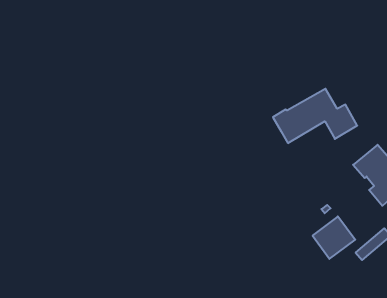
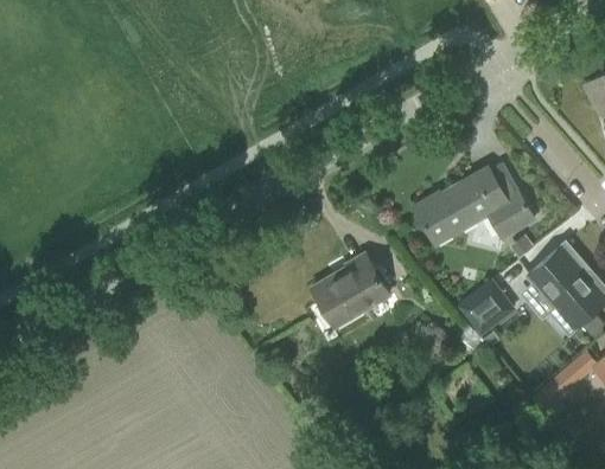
building: none -> [313,252,390,326]
building: [313,216,355,259] -> [457,276,517,336]

